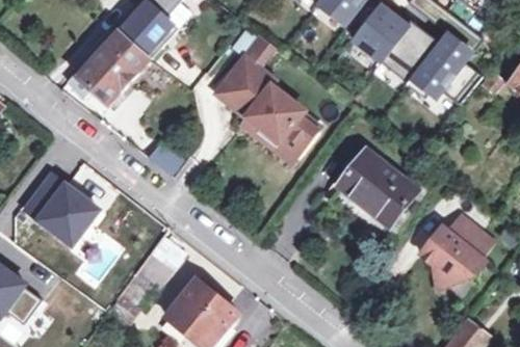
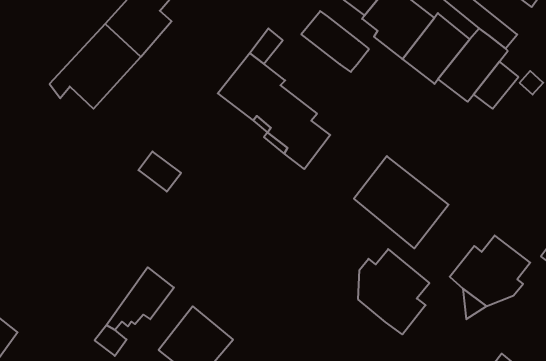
building: none -> [301,11,369,72]
building: [36,182,108,251] -> none
building: none -> [358,249,429,334]

